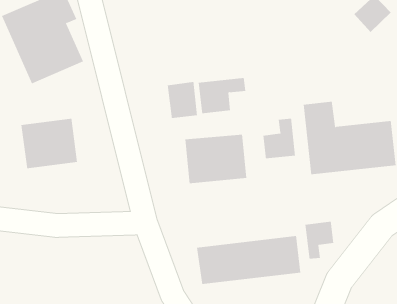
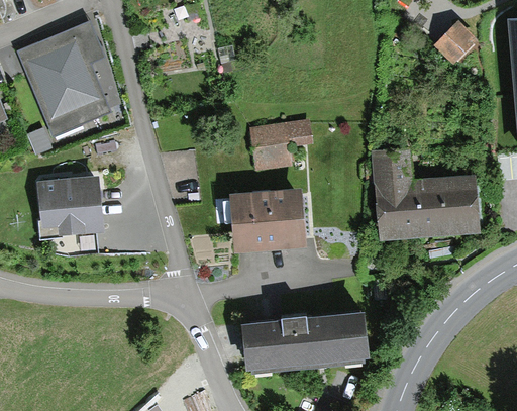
building: [167,81,197,119] -> none
building: [263,118,295,159] -> none
building: [305,221,334,260] -> none

